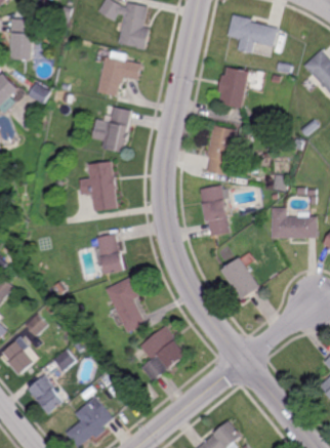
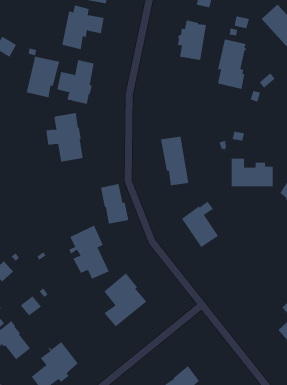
building: none -> [26,56,60,98]
building: [205,125,236,177] -> [217,39,247,90]
building: [97,234,127,276] -> [100,183,129,224]

